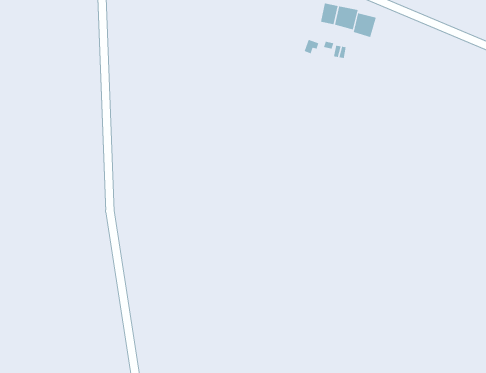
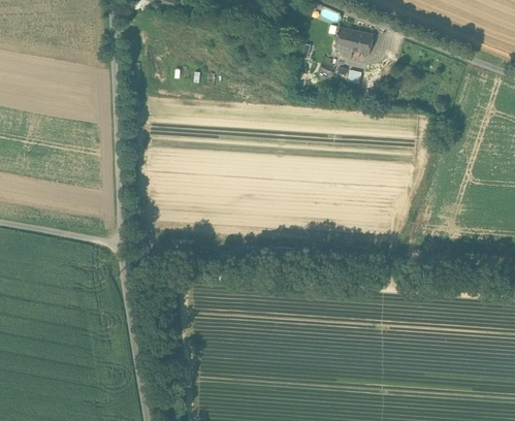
building: [353,13,377,38] -> none

